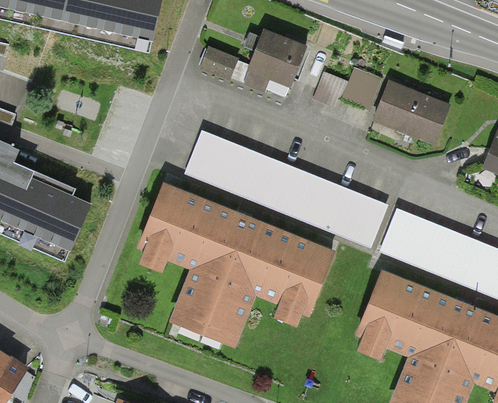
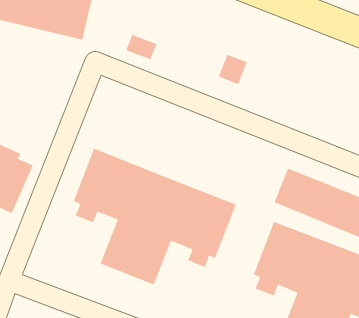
building: [245,28,309,91] -> none
building: [342,66,382,108] -> none
building: [374,80,451,144] -> none
building: [184,130,388,246] -> none

